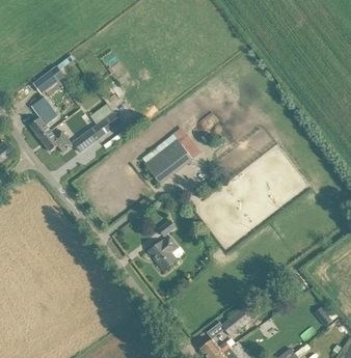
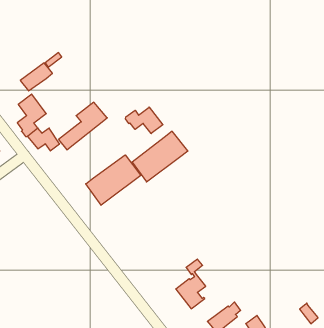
building: none -> [125,107,163,134]
building: none -> [86,155,141,205]
building: [147,220,178,270] -> [176,259,206,309]

